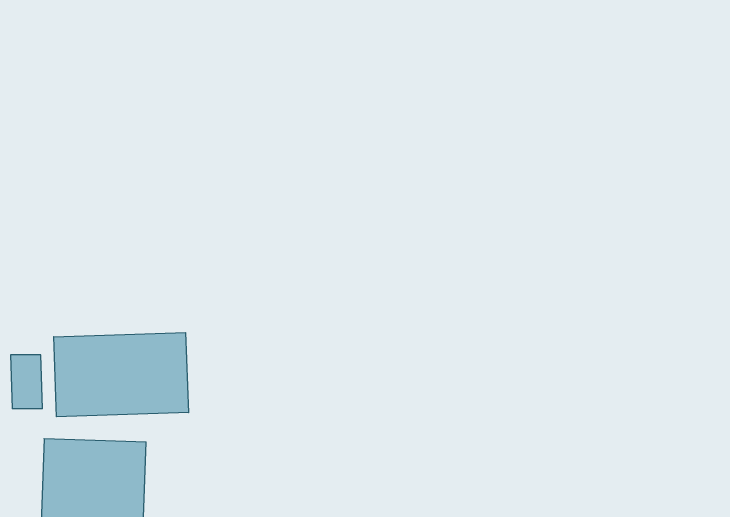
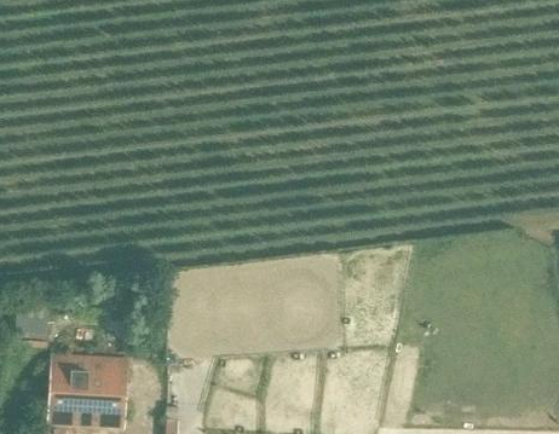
building: [54,333,189,417] -> none

